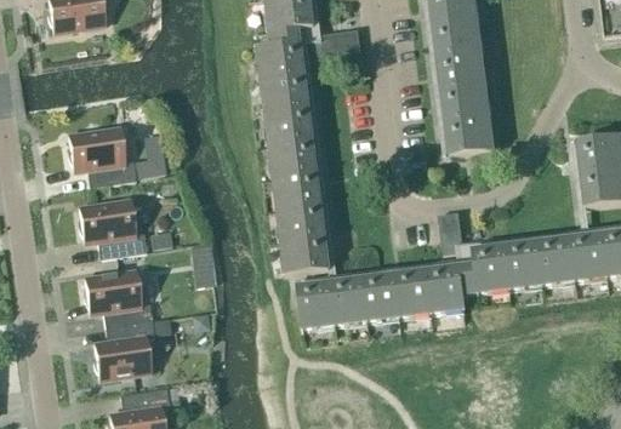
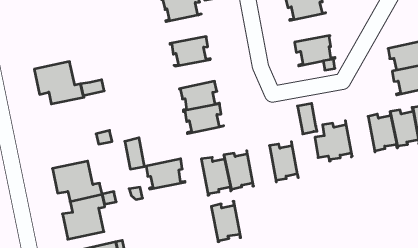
building: [260,73,315,111] -> none
building: [435,84,491,122] -> none
building: [268,138,323,177] -> none
building: [78,199,146,257] -> none
building: [279,234,335,274] -> [145,159,185,189]
building: [505,235,543,290] -> none
building: [426,259,466,315] -> none
building: [361,267,400,322] -> [211,201,241,242]

